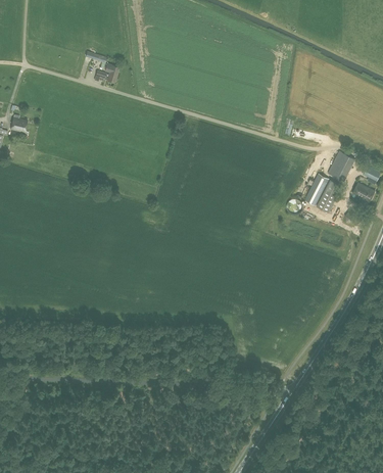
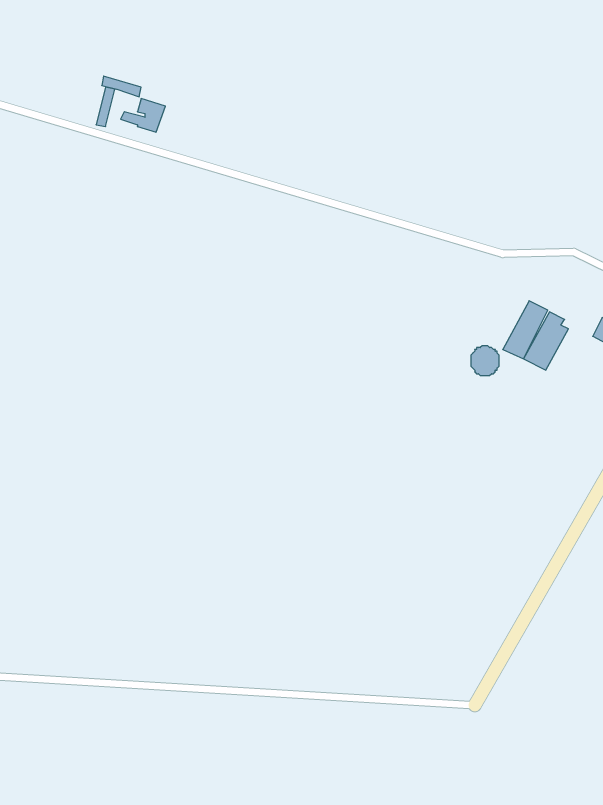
building: [326,150,352,180] -> none

